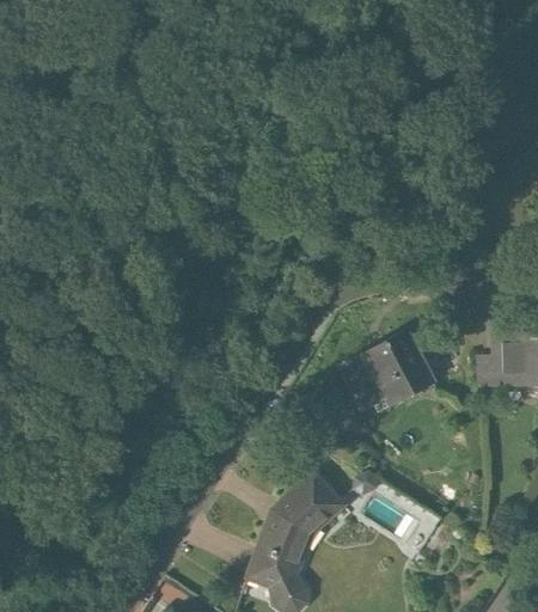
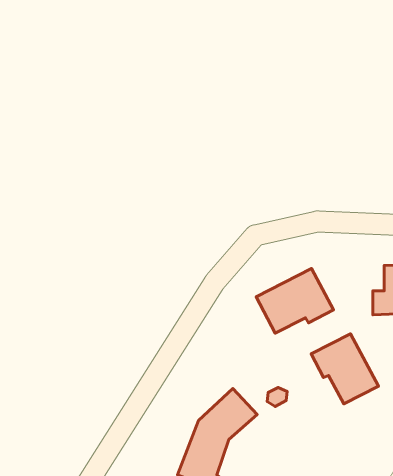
building: none -> [311,334,378,404]

